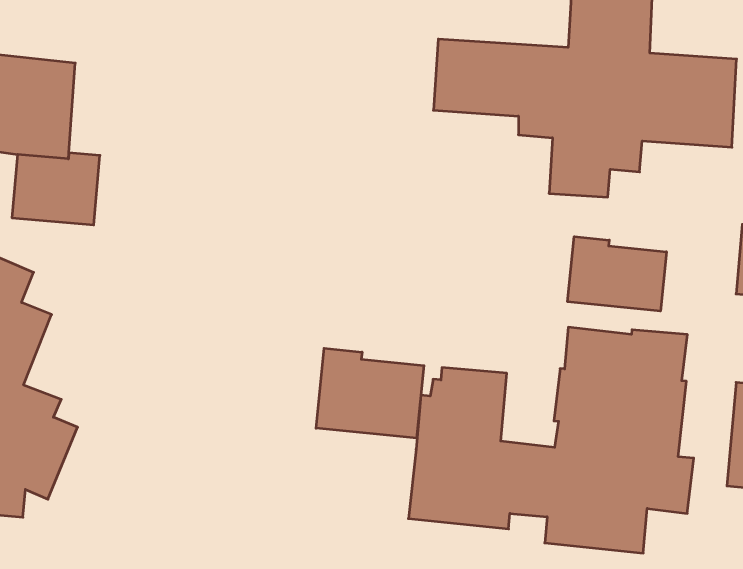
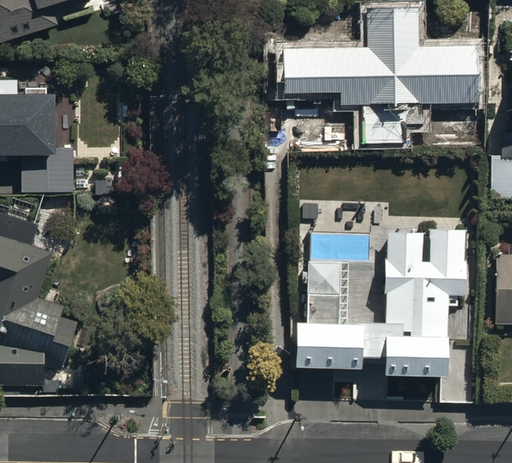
building: [568,237,666,311] -> none
building: [316,348,424,438] -> none

